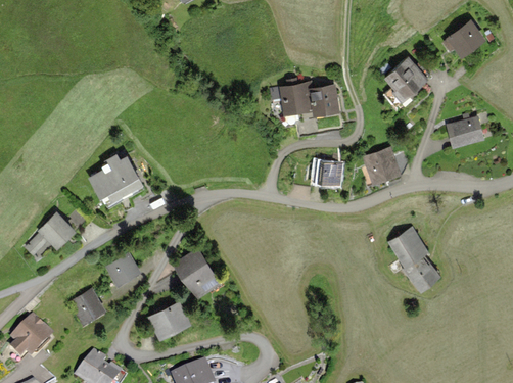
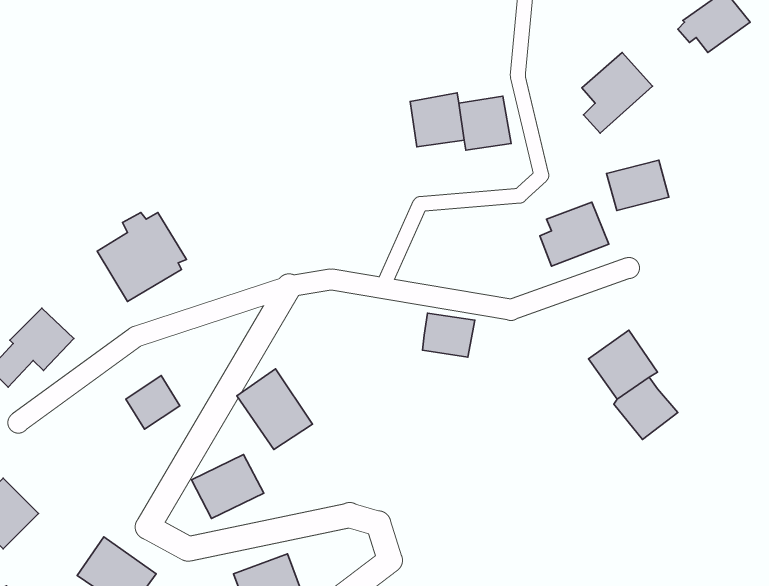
building: [447,115,484,146] -> [607,160,669,211]
building: [312,159,343,186] -> [423,313,475,357]
building: [69,287,104,323] -> none

